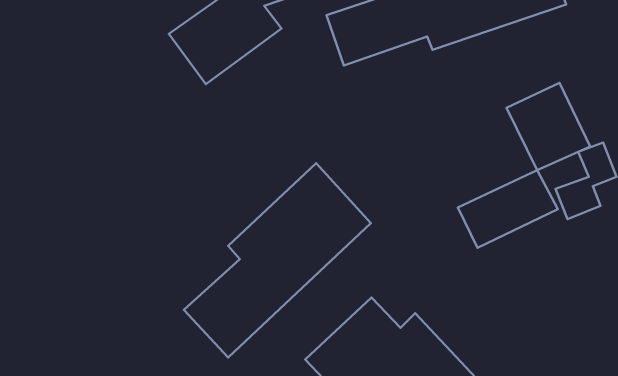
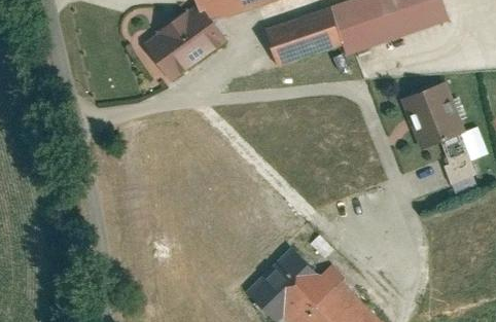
building: [184,163,371,358] -> none
building: [458,170,558,248] -> none

